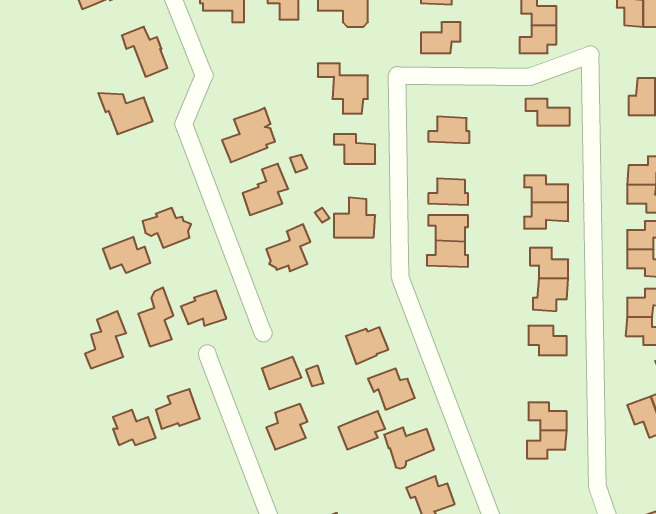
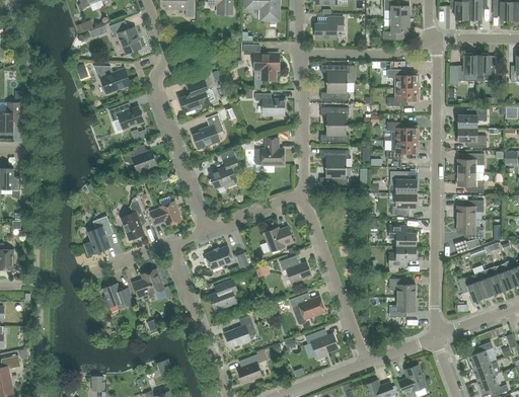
building: none -> [320,64,349,82]
building: none -> [387,87,418,105]
building: none -> [108,105,144,129]
building: none -> [320,106,349,125]
building: [103,237,150,273] -> none
building: none -> [388,245,416,265]
building: [338,411,385,449] -> [224,321,256,347]

